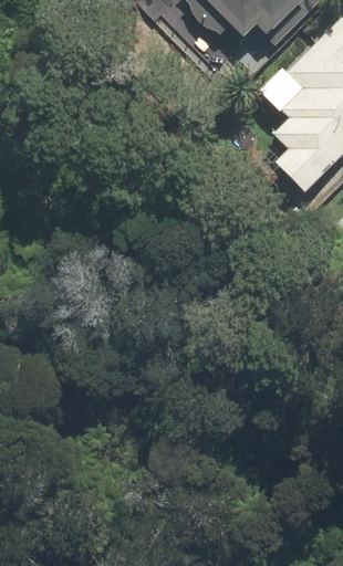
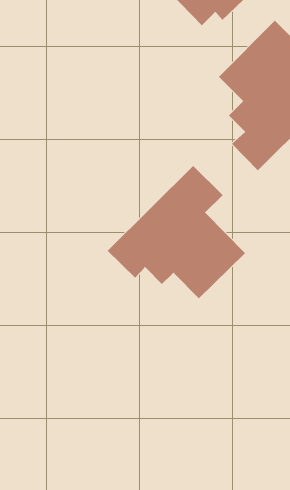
building: none -> [107,165,246,299]

